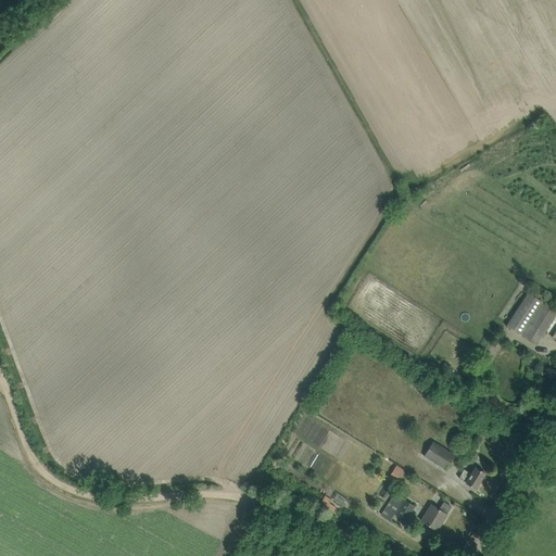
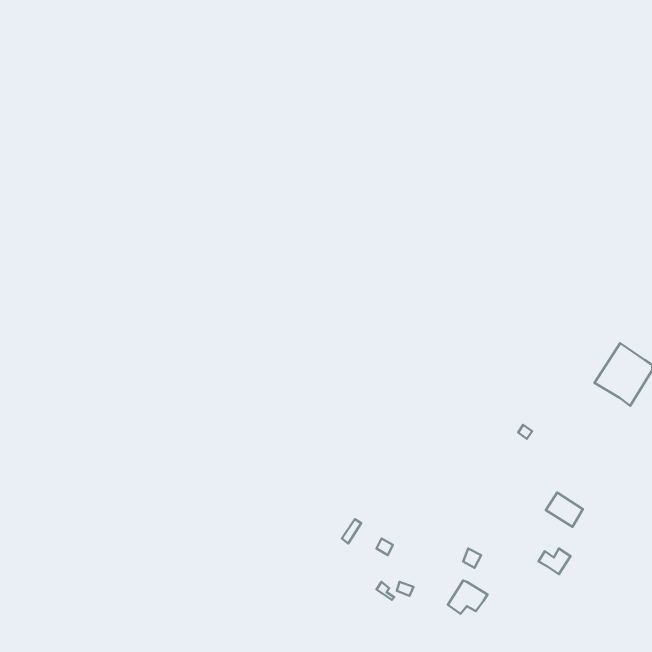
building: [424,441,455,470] -> [546,492,583,527]
building: [420,502,451,531] -> none

